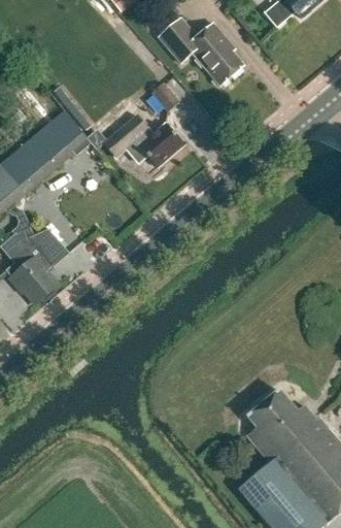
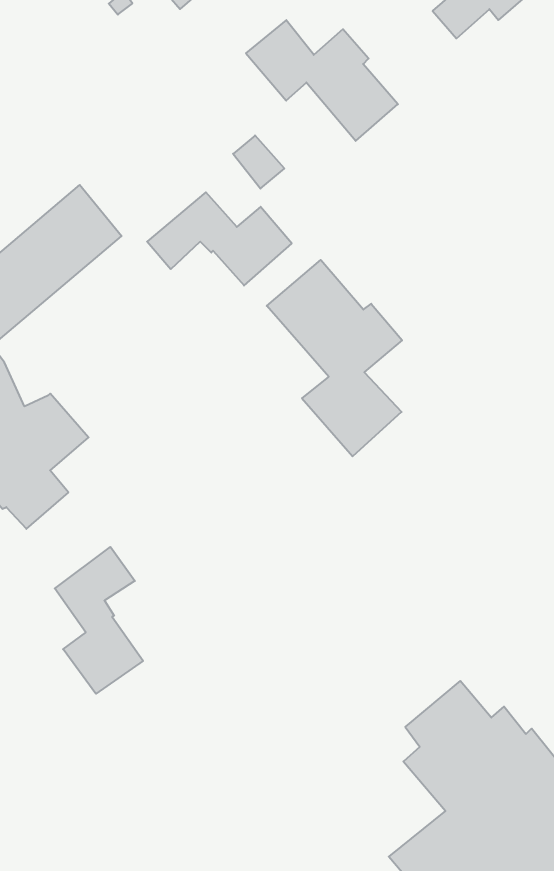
building: none -> [267,260,402,456]
building: none -> [55,547,143,694]

